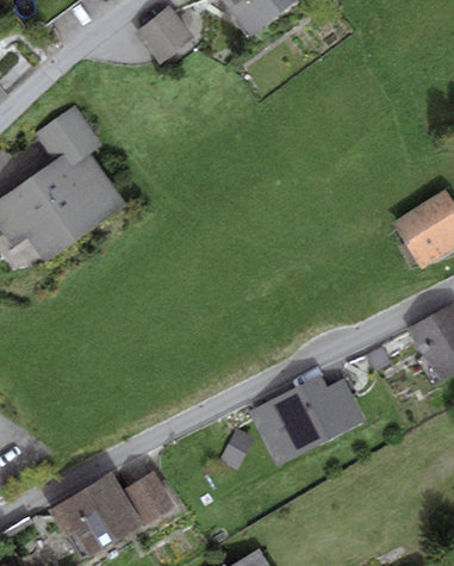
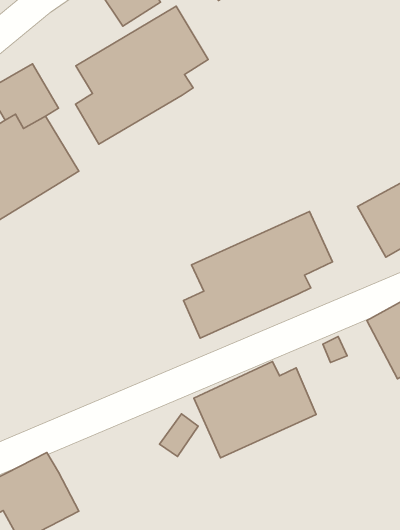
building: none -> [75,6,208,144]
building: none -> [184,211,332,338]
building: [124,471,176,525] -> none

